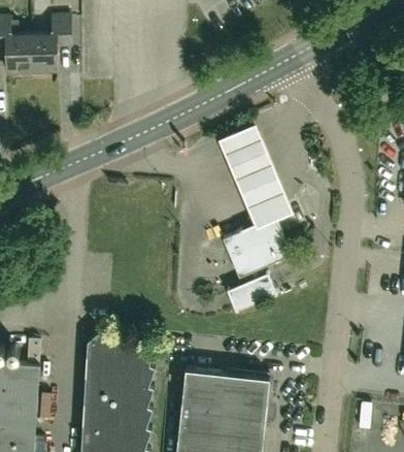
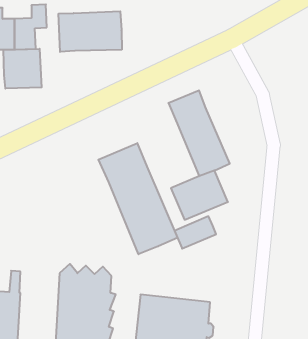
building: none -> [59,11,122,52]
building: none -> [3,49,42,89]
building: none -> [98,143,177,254]

